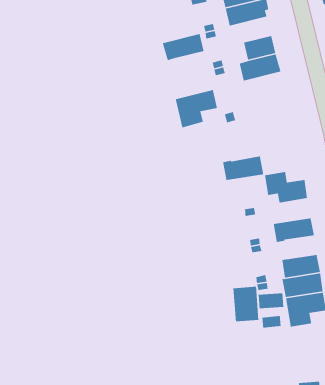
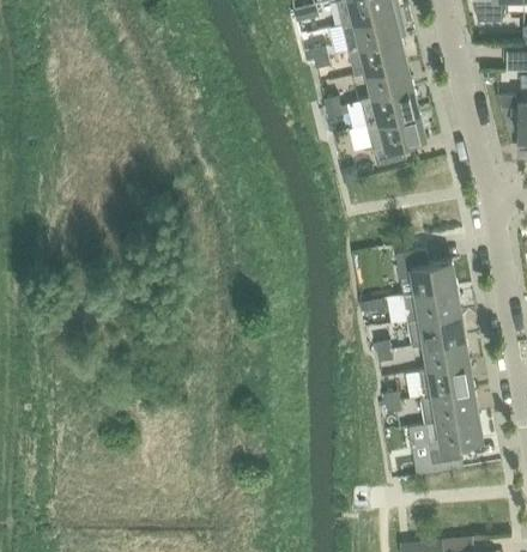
building: [162,33,205,61] -> [347,37,406,75]
building: [175,89,218,128] -> [367,113,425,166]
building: [222,156,264,181] -> [402,286,460,321]
building: none -> [424,338,468,369]
building: [233,286,259,322] -> none

